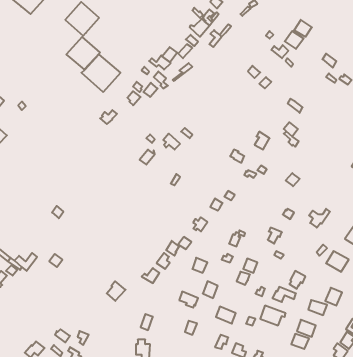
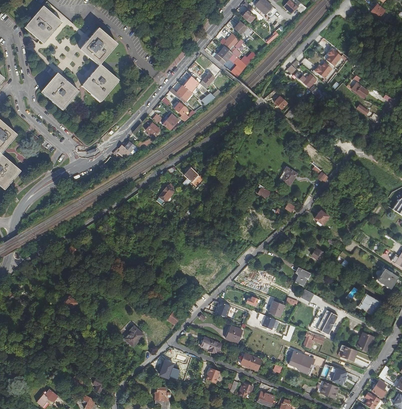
building: none -> [41,73,76,108]
building: [81,55,120,92] -> none

